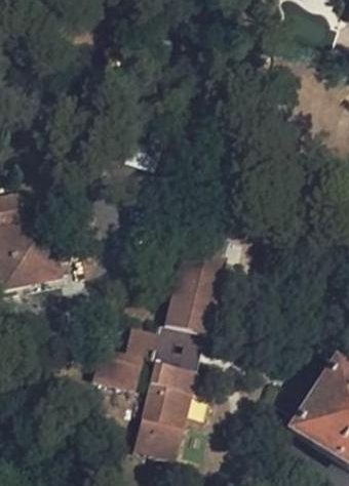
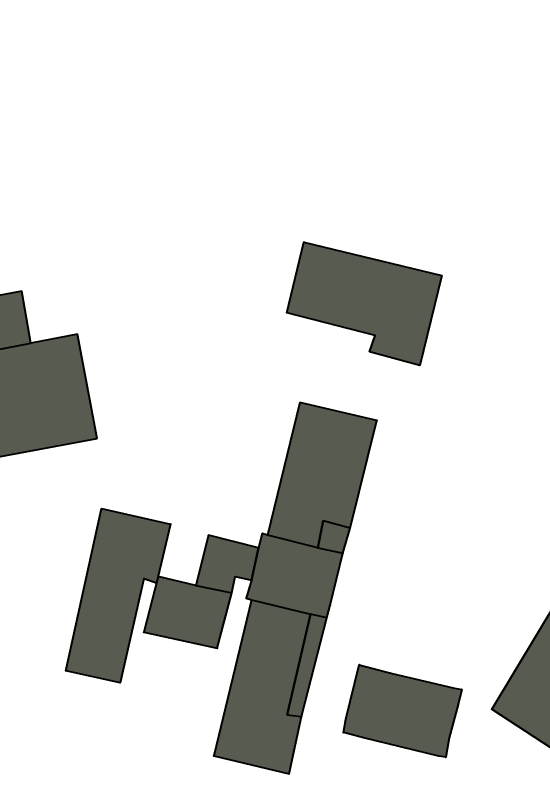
building: none -> [287,242,442,365]
building: none -> [66,509,171,683]
building: none -> [343,665,462,757]

